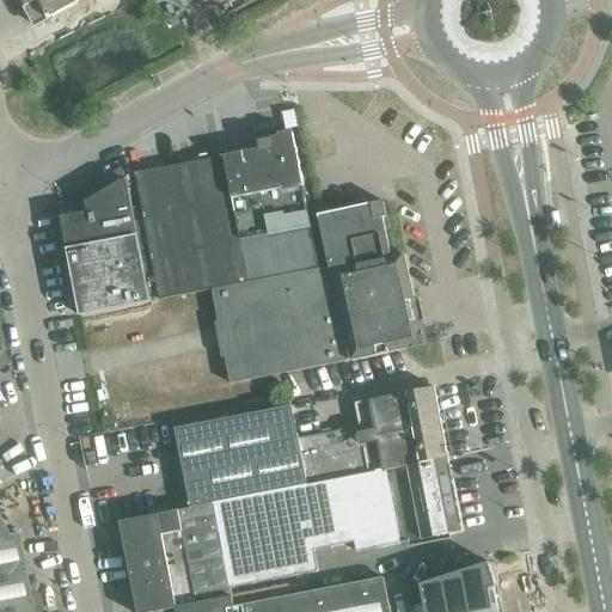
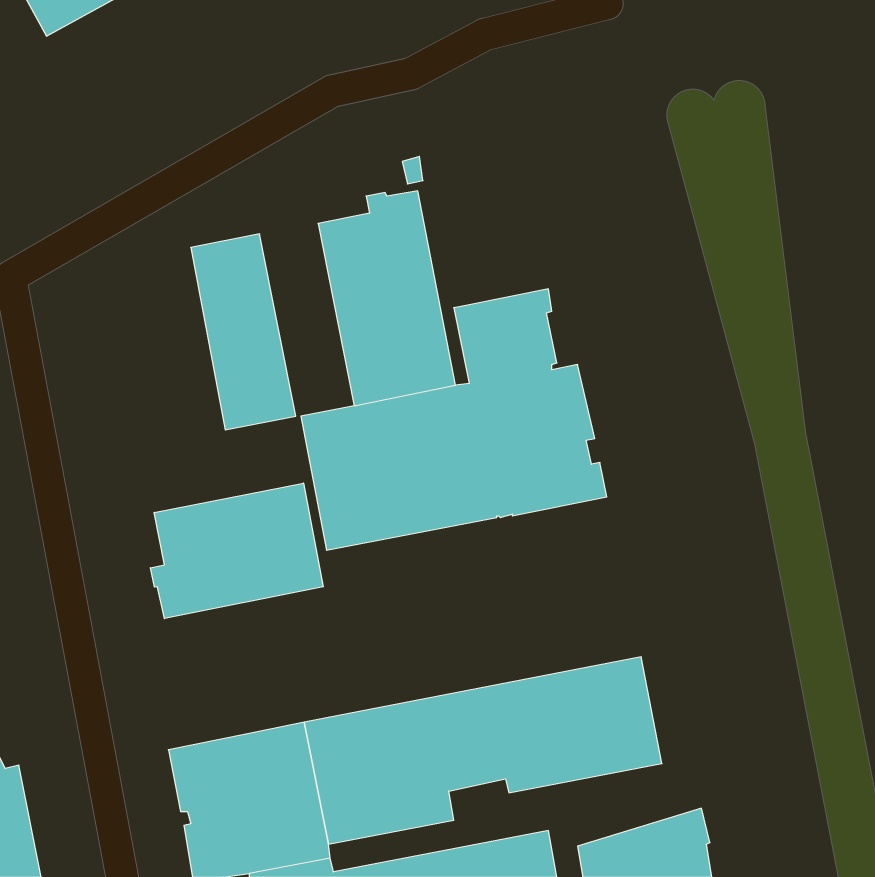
building: [180,155,246,289] -> none
building: [59,179,148,314] -> none
building: none -> [150,483,323,619]
building: [169,387,446,510] -> none

